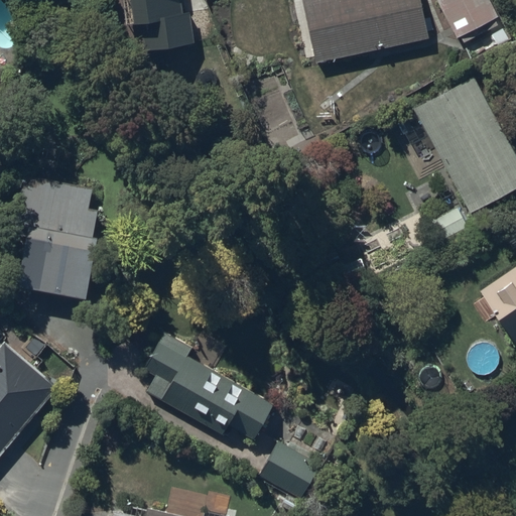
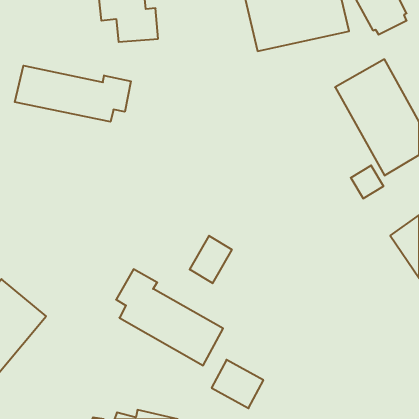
building: none -> [15,66,131,122]
building: [13,175,109,301] -> none
building: none -> [190,236,232,283]

